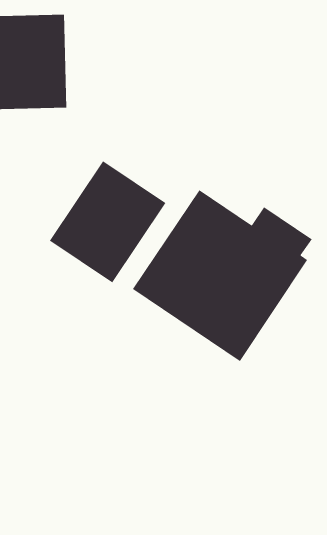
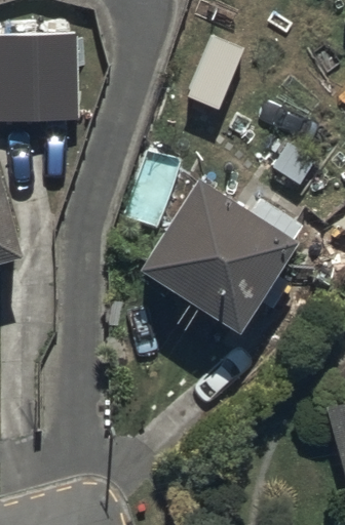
building: [49,160,166,283] -> none

